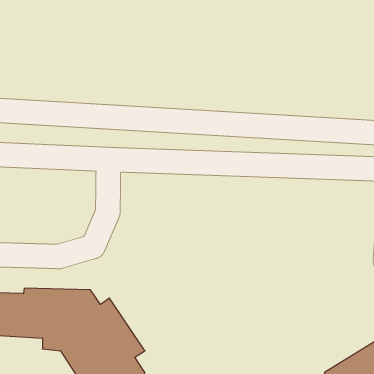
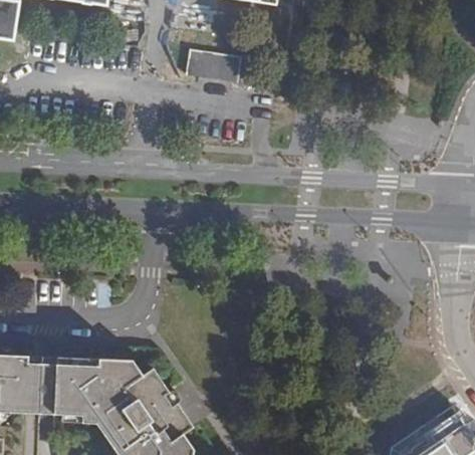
building: none -> [186,50,241,80]

